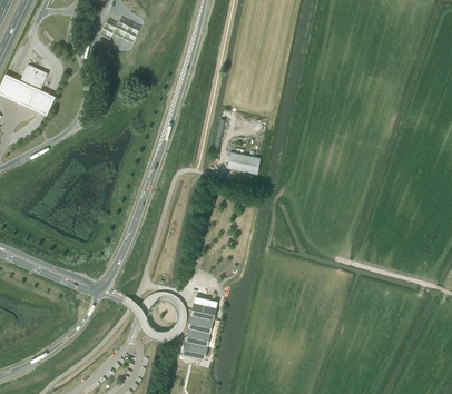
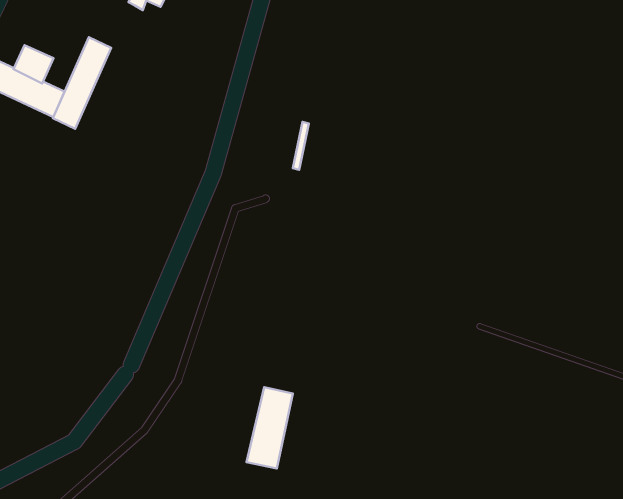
building: none -> [53,37,111,129]
building: [227,152,261,175] -> none

